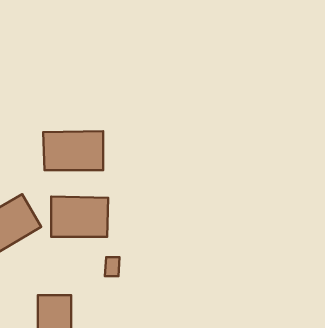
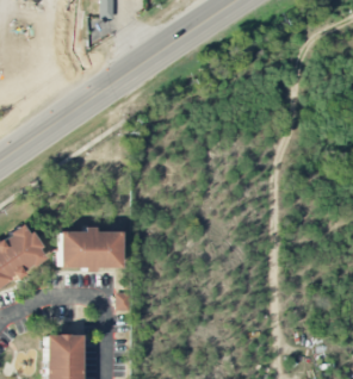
building: [43,131,103,170] -> none

